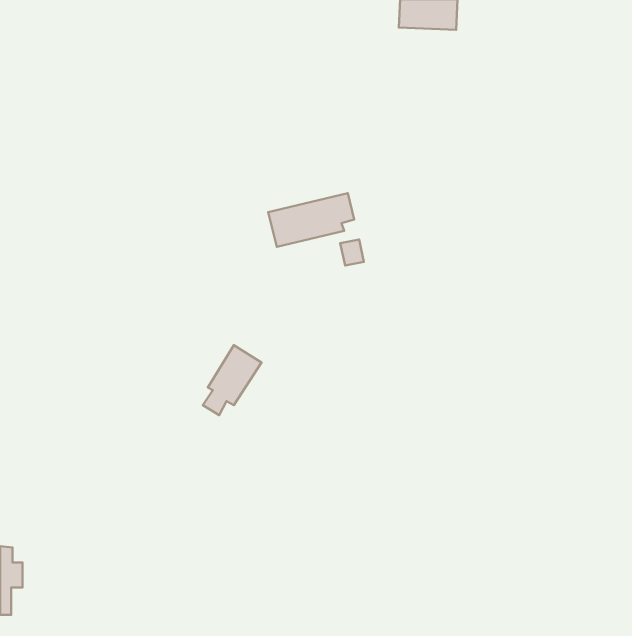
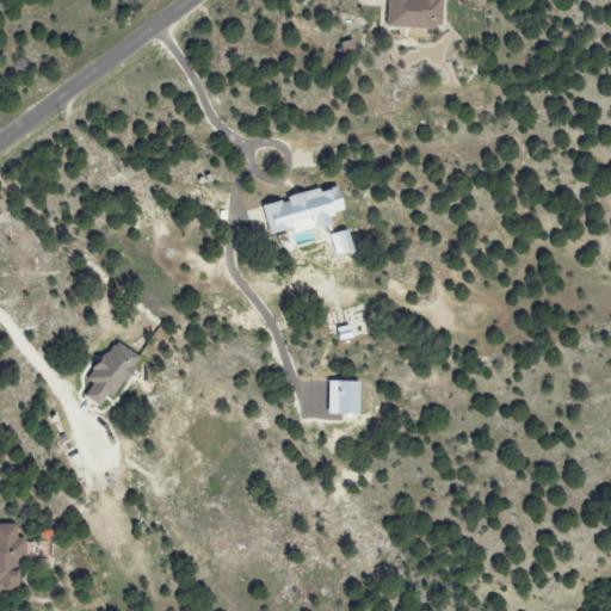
building: [203,345,261,415] -> [85,339,141,406]
building: none -> [327,381,360,414]

